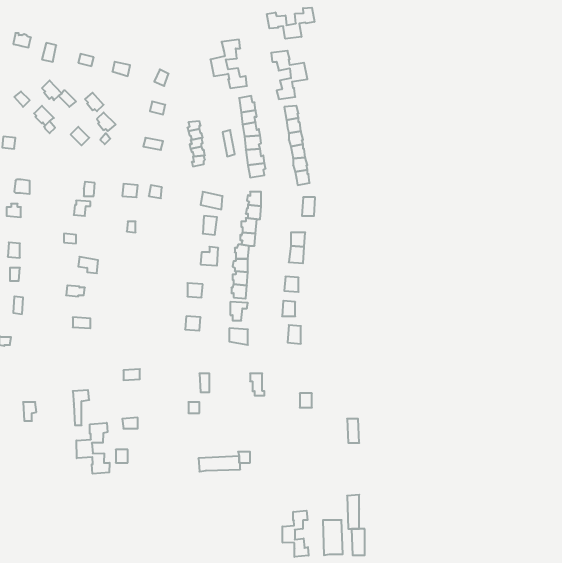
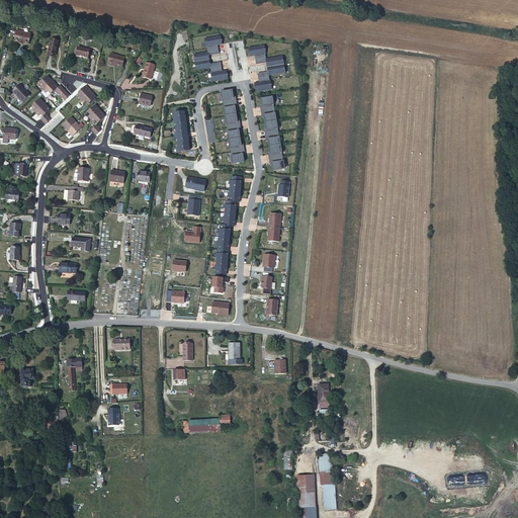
building: [267,8,314,39] -> none
building: [76,423,110,474] -> none
building: [282,511,309,557] -> none

